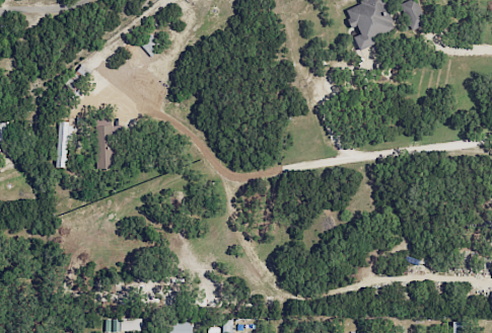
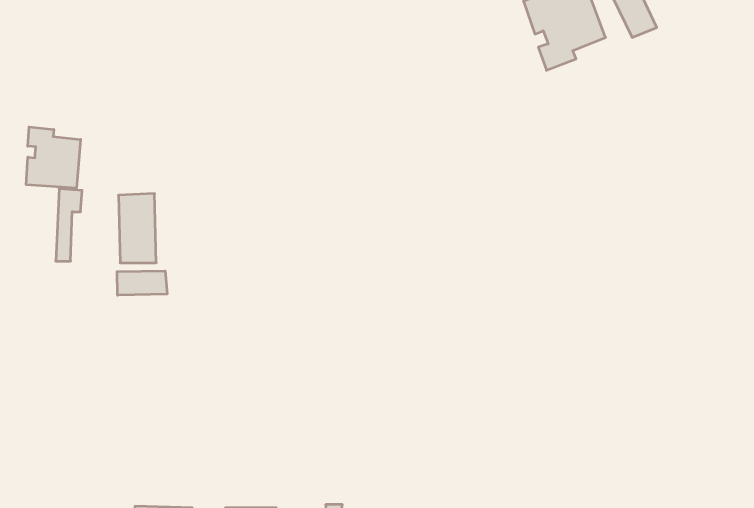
building: none -> [26,127,81,188]
building: none -> [117,271,167,295]

